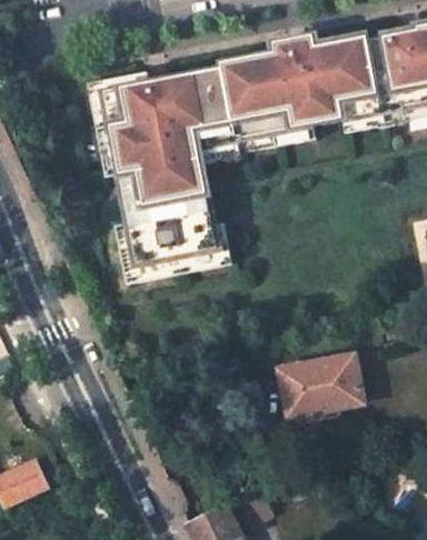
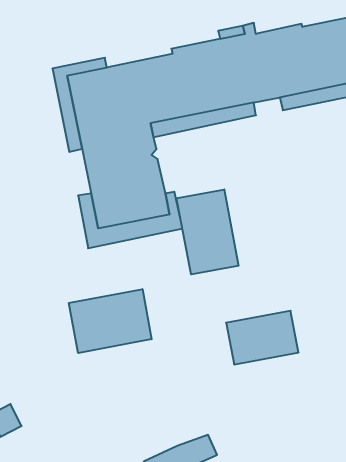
building: none -> [177,189,239,274]
building: none -> [69,289,152,353]

